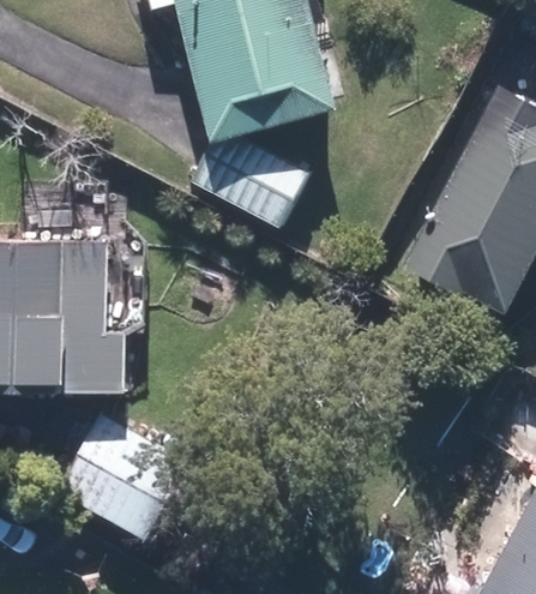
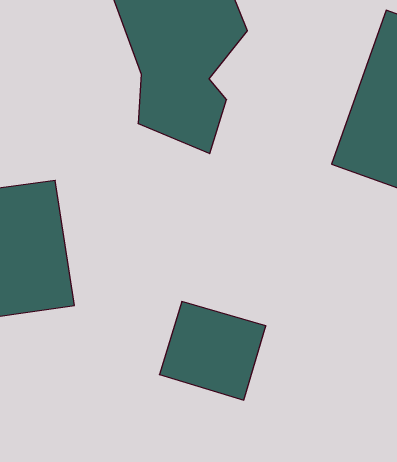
building: [65,414,188,530] -> [159,302,266,400]

